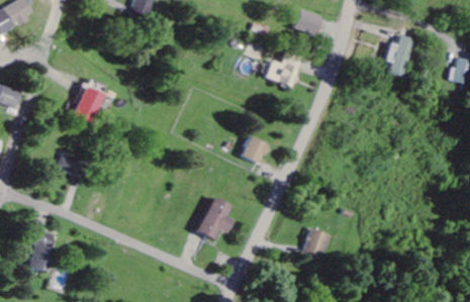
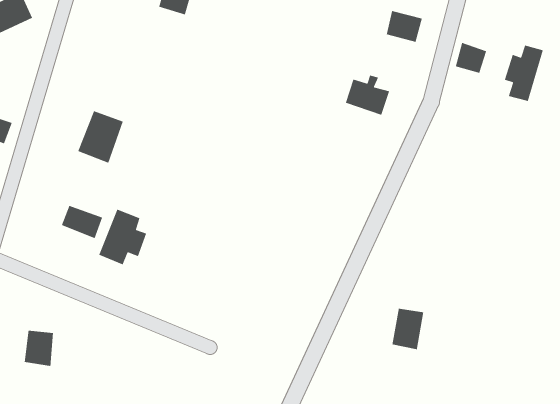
building: none -> [455,42,487,74]
building: [242,136,268,164] -> none
building: none -> [98,208,147,266]
building: [197,196,232,238] -> none

